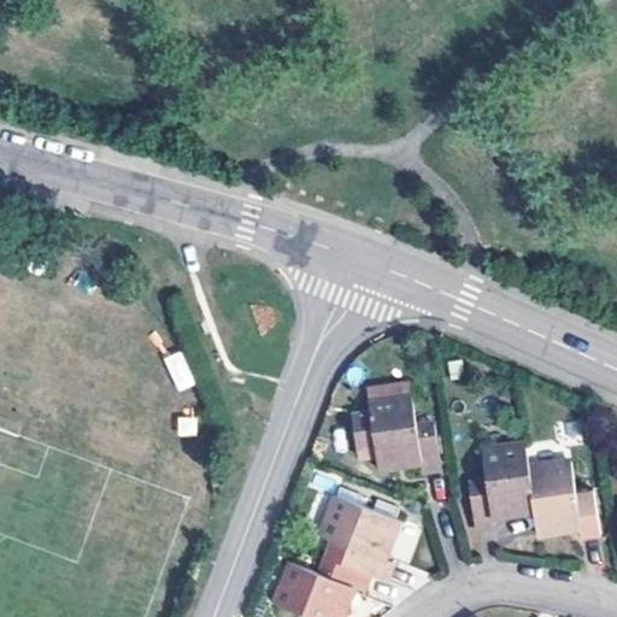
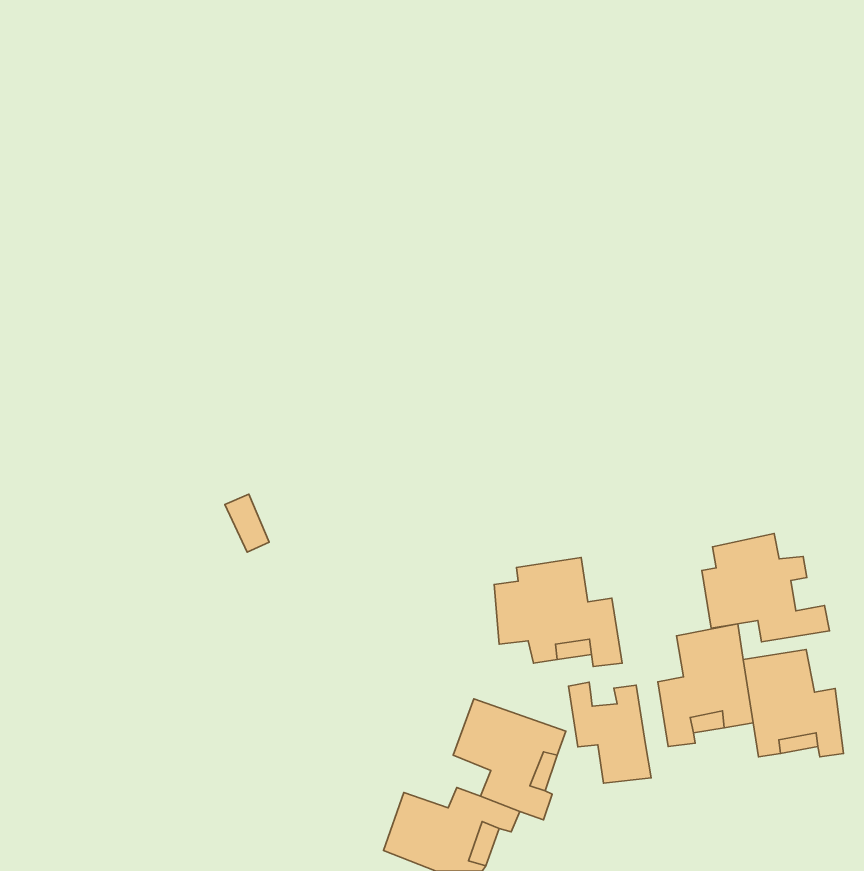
building: none -> [702,533,830,642]
building: none -> [568,682,651,783]

